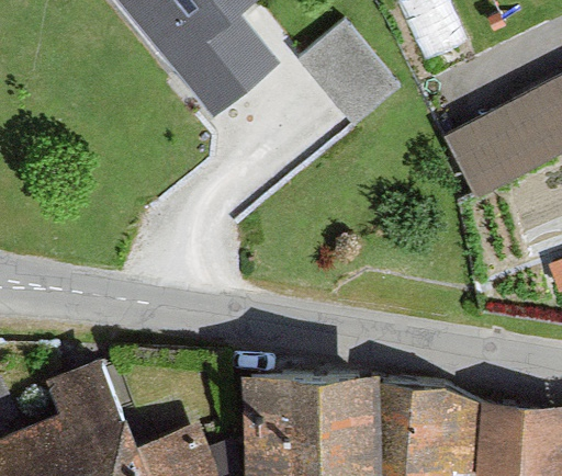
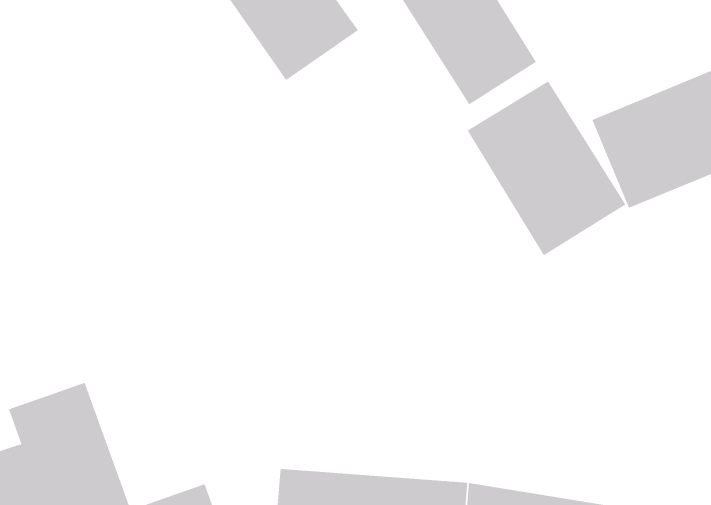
building: none -> [467,81,626,256]

